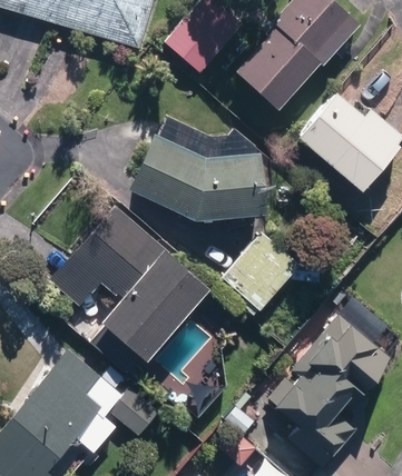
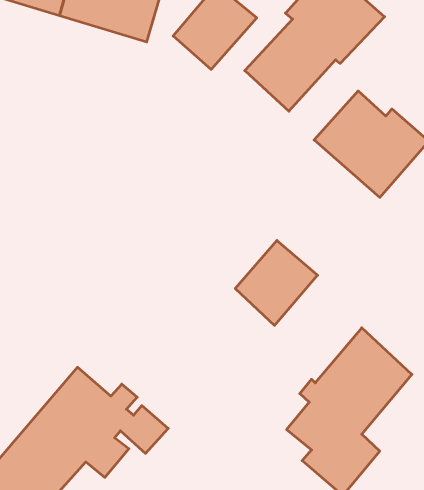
building: [125,133,261,221] -> none
building: [55,205,215,373] -> none

